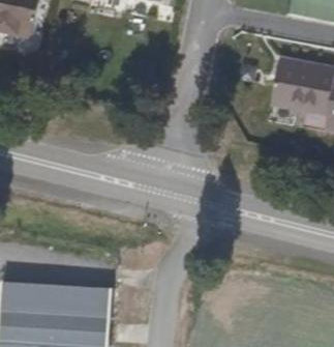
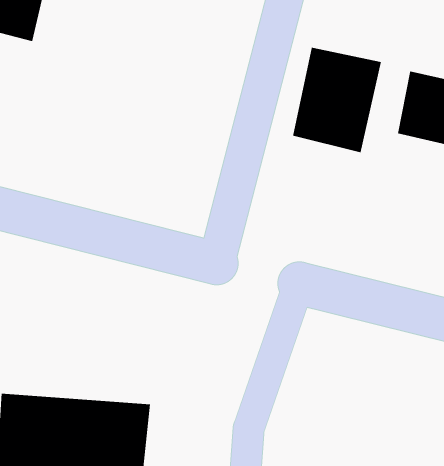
building: none -> [292,47,382,153]

